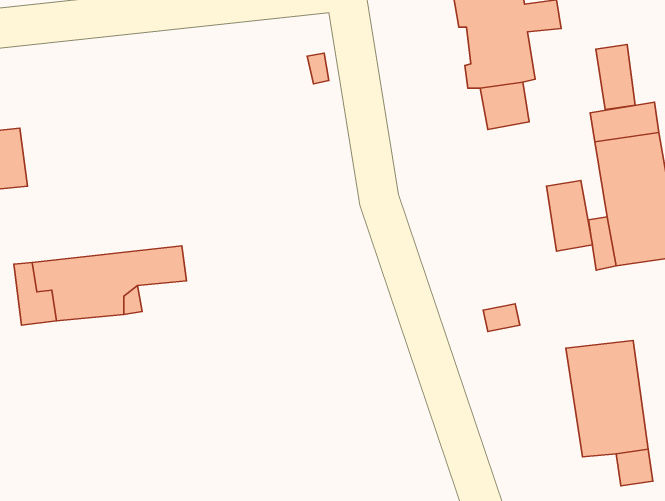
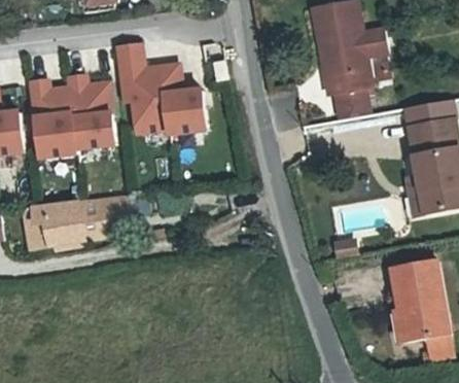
building: none -> [121,48,210,137]
building: [596,45,635,110] -> none
building: none -> [34,80,118,162]
building: [546,180,592,251] -> none

